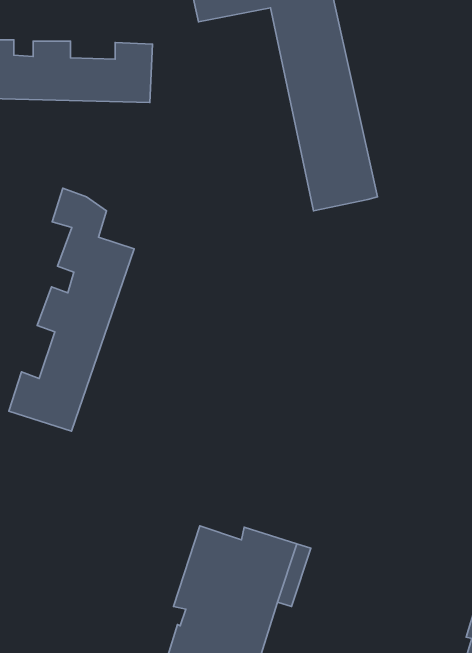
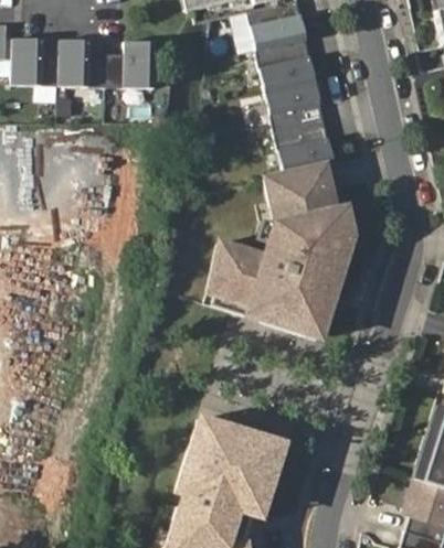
building: [9,188,134,431] -> none
building: none -> [209,165,352,342]

